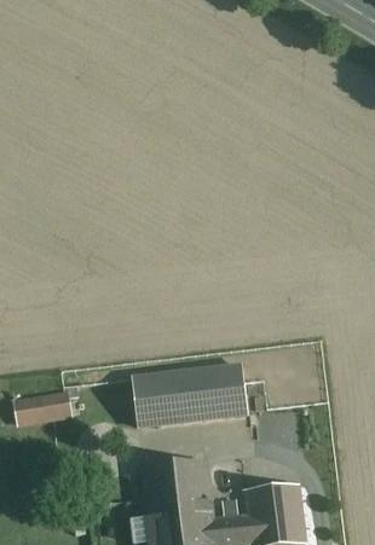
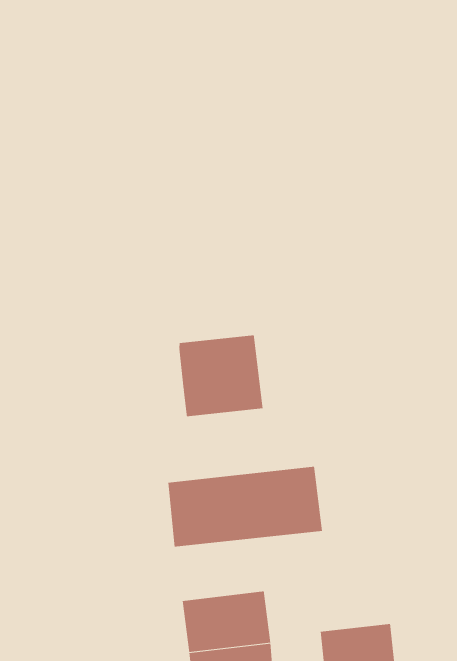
building: none -> [179,335,263,417]
building: [13,389,70,424] -> none

